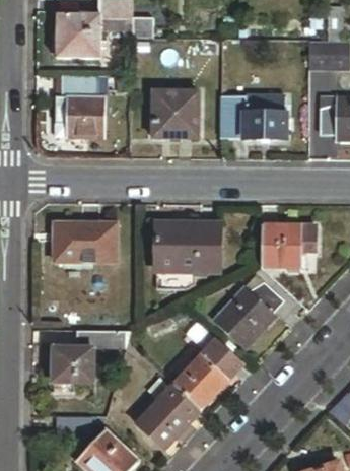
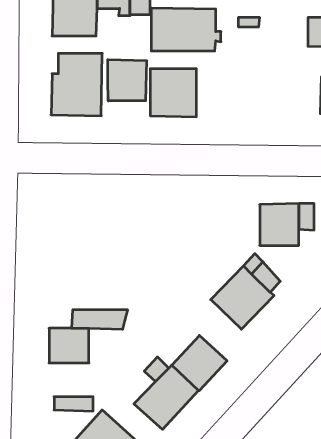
building: none -> [108,60,147,101]
building: [221,95,290,138] -> [151,8,221,51]
building: [53,222,115,262] -> none
building: [156,223,218,269] -> none
building: [201,340,242,381] -> none

